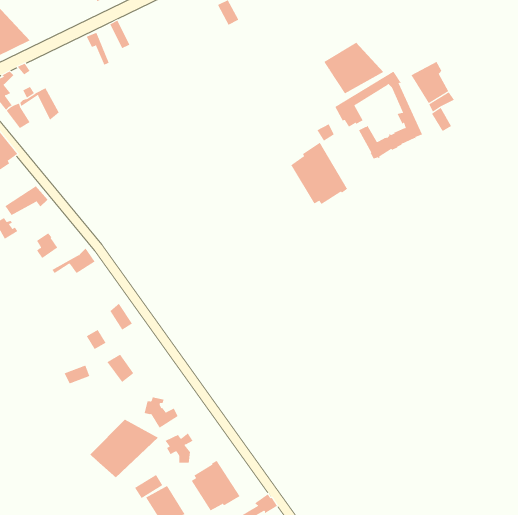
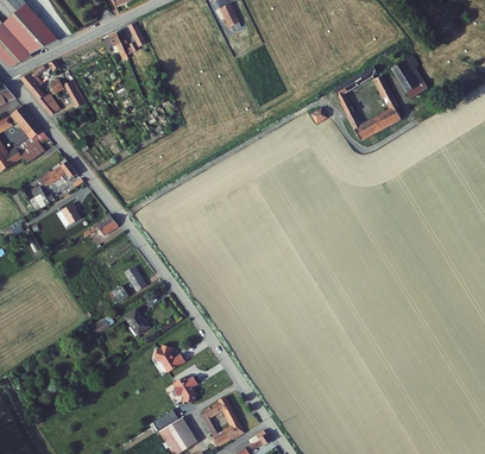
building: [324,42,384,94] -> none
building: [291,142,348,205] -> none
building: [89,419,159,478] -> none

